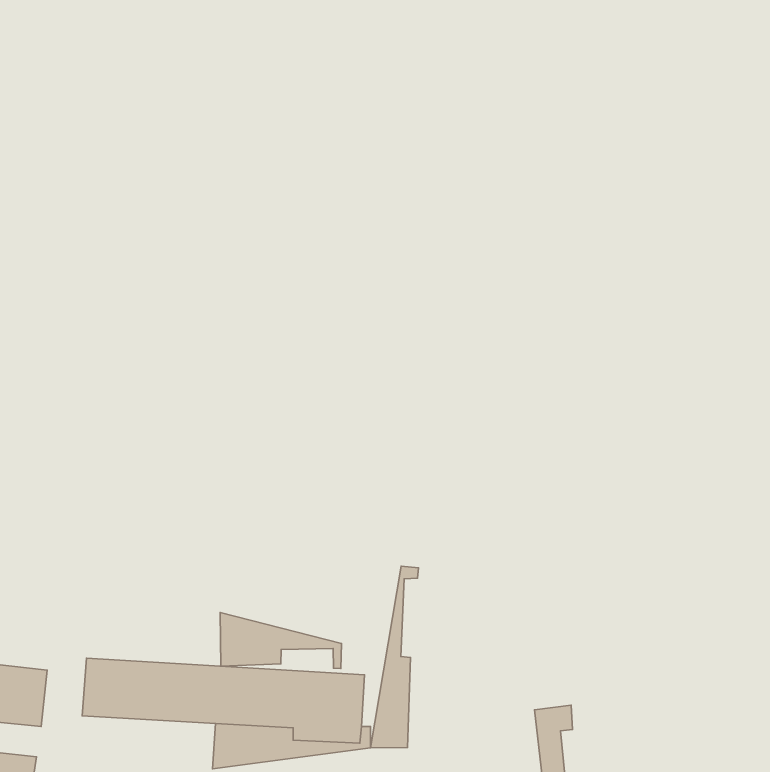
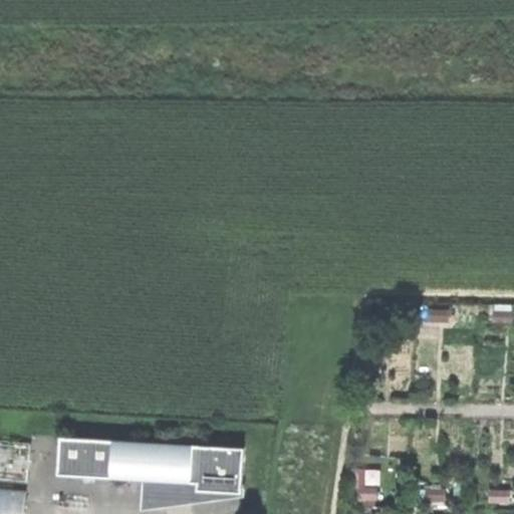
building: [371,566,418,748] -> none
building: [220,613,341,668] -> none

